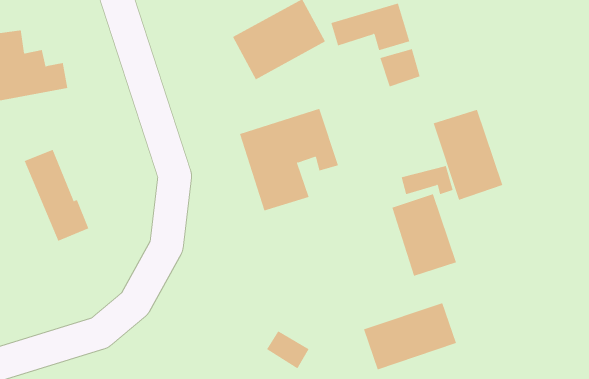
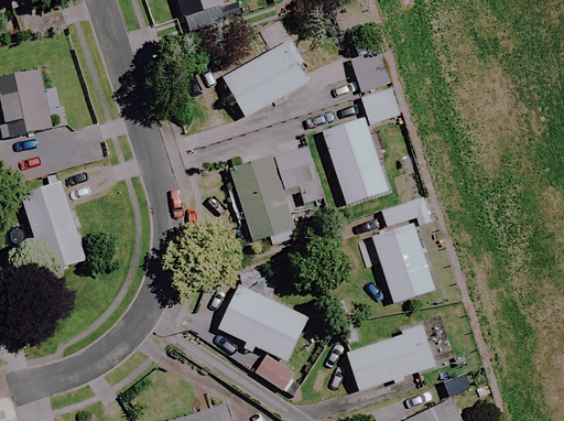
building: [433,109,503,200] -> [322,118,388,204]
building: none -> [217,281,310,360]

